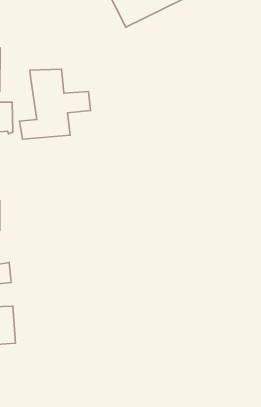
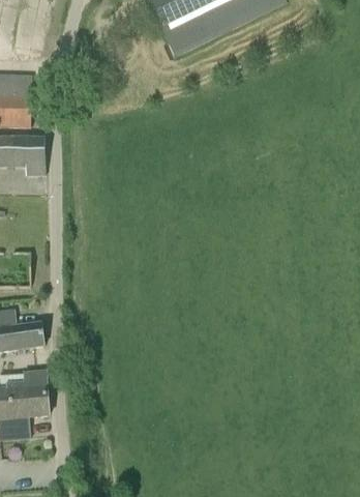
building: [19,69,91,139] -> none

